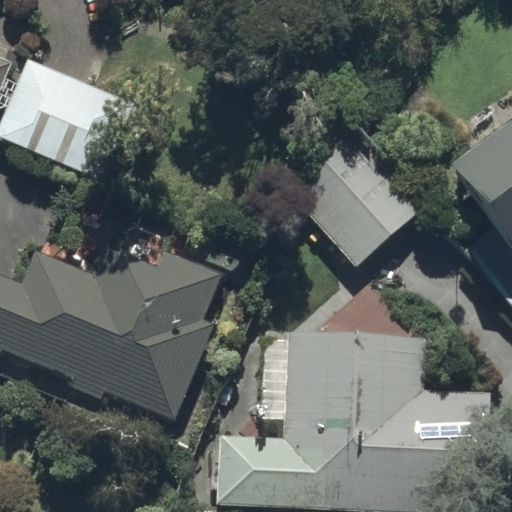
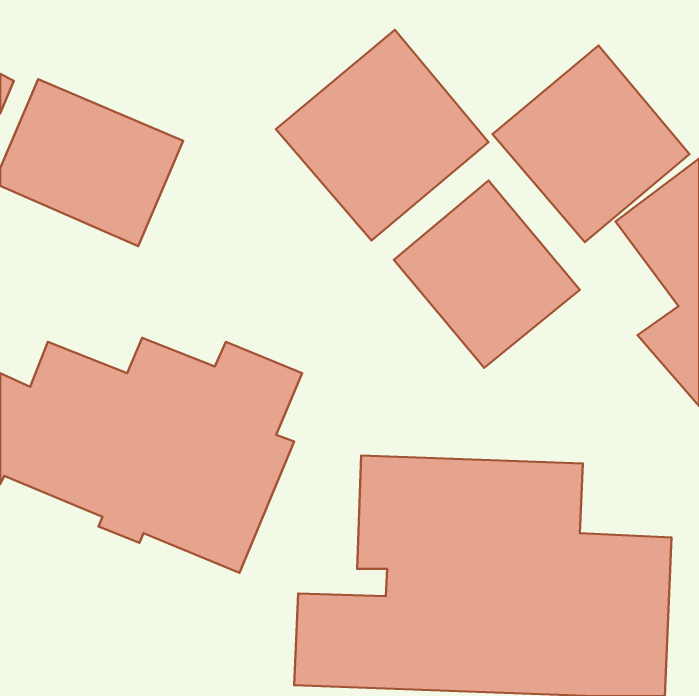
building: none -> [276,30,489,240]
building: none -> [492,45,690,242]

